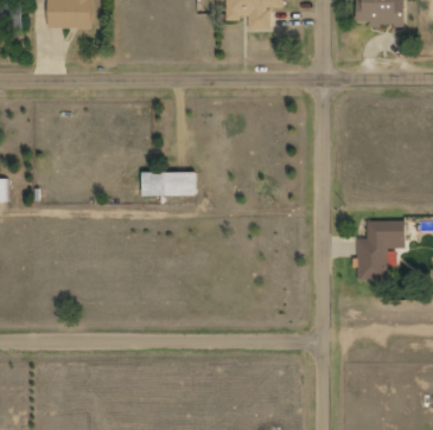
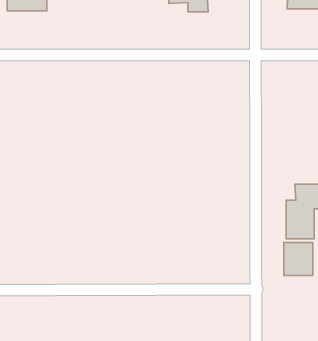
building: [141,172,195,195] -> none
building: none -> [284,242,313,276]

